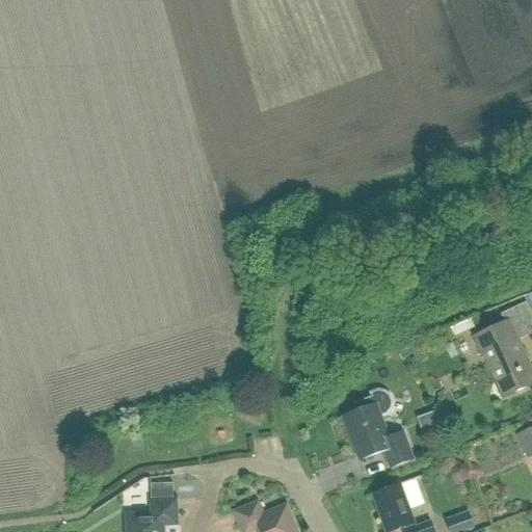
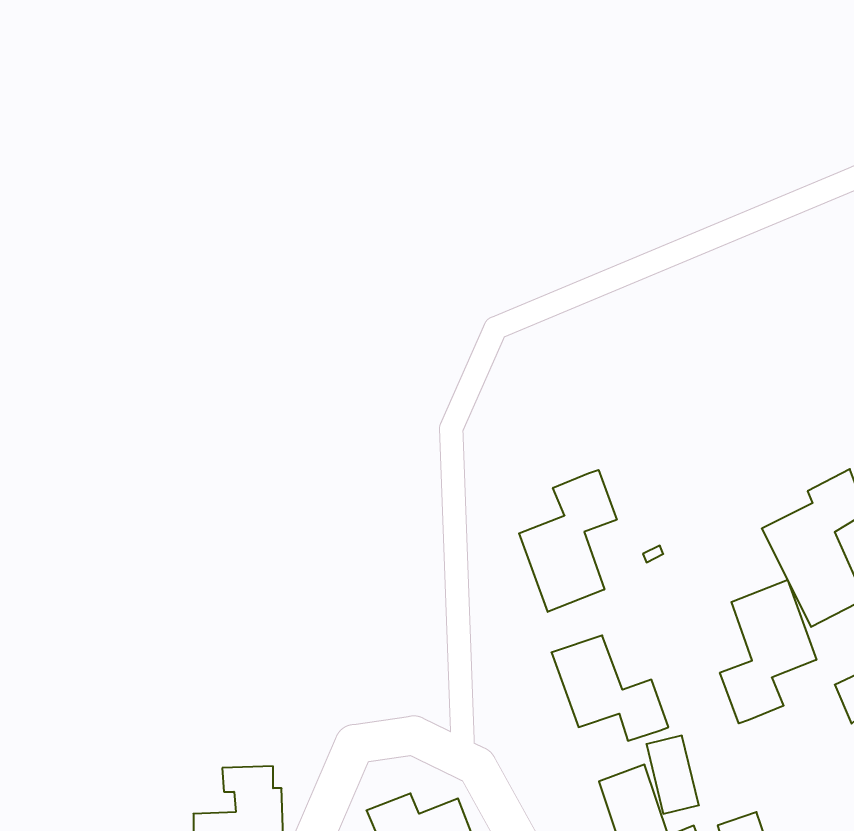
building: none -> [519,470,617,612]
building: none -> [720,580,816,723]

